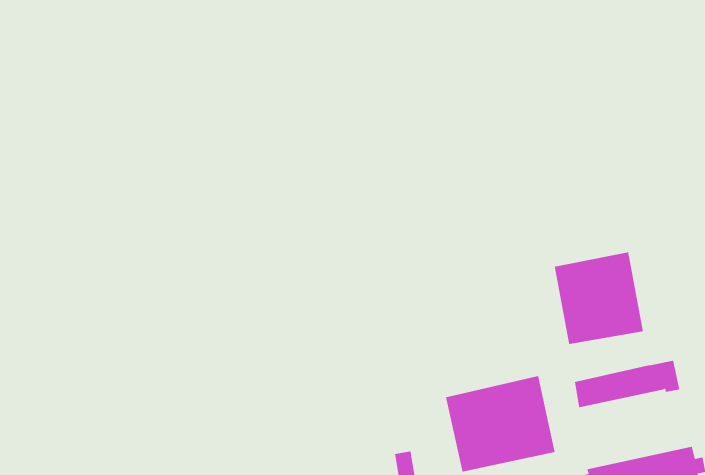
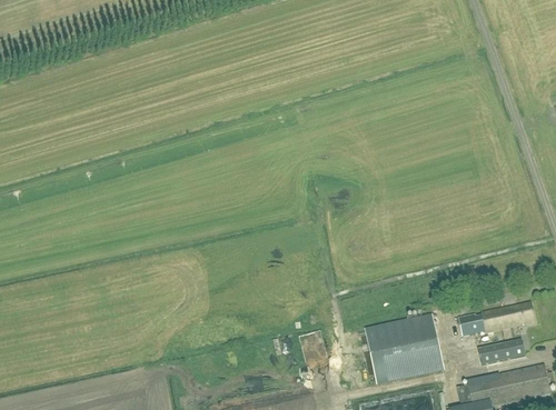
building: [554,252,644,345] -> none
building: none -> [477,339,525,366]

